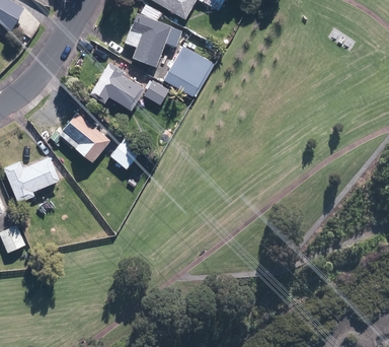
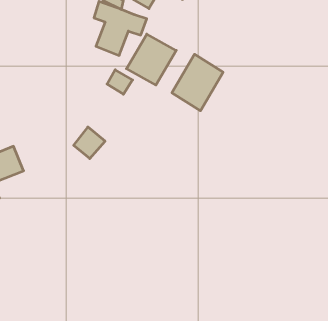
building: [89,62,144,111] -> none
building: none -> [172,54,223,111]
building: [62,113,110,163] -> none

